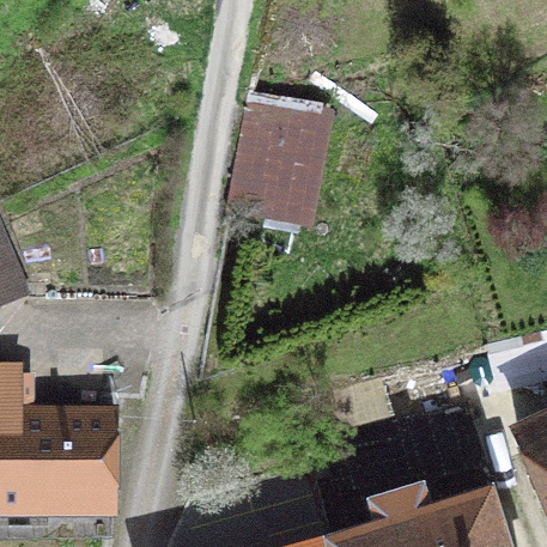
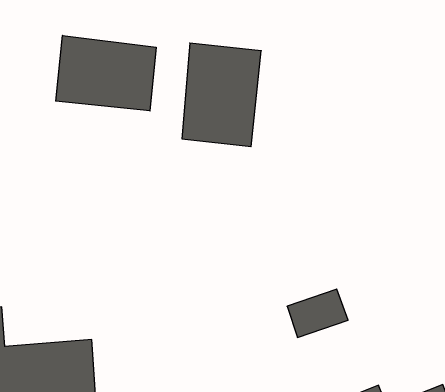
building: none -> [56,35,156,111]

